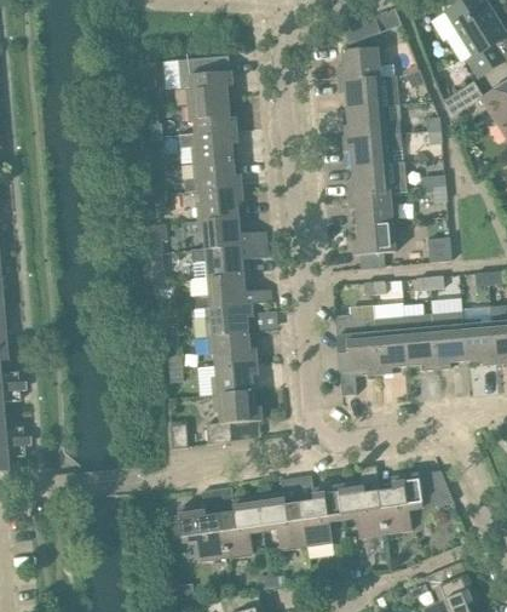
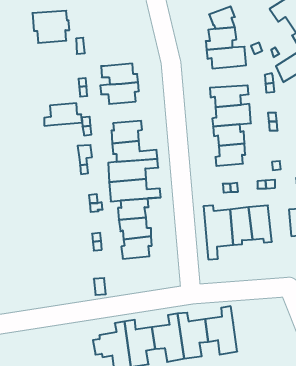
building: [177,57,232,105] -> [32,11,69,43]
building: [342,105,401,138] -> none
building: [184,159,241,193] -> [44,103,82,126]
building: [431,311,466,370] -> none
building: [204,391,261,445] -> none
building: [379,471,448,534] -> none

